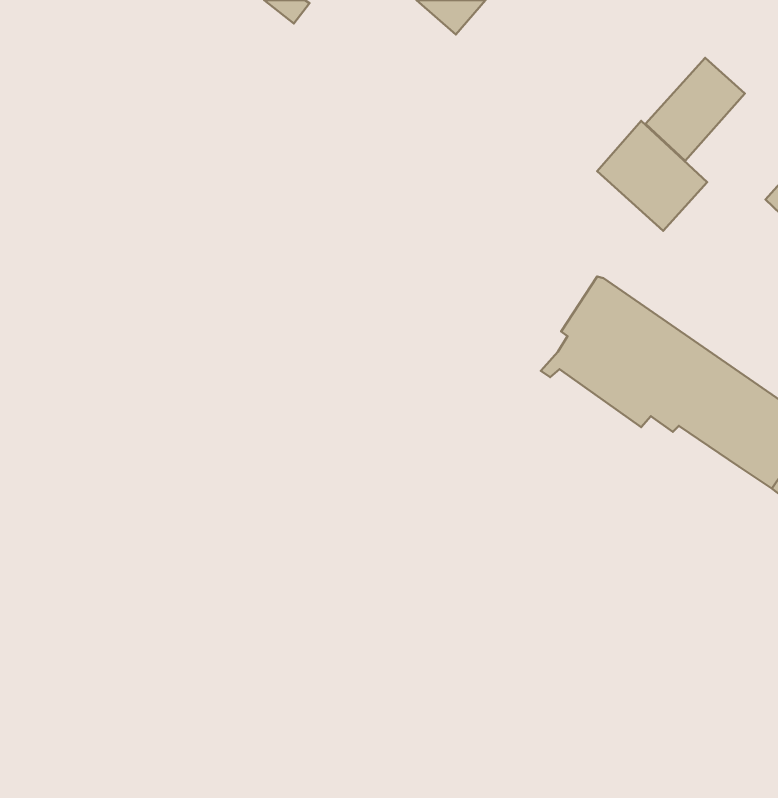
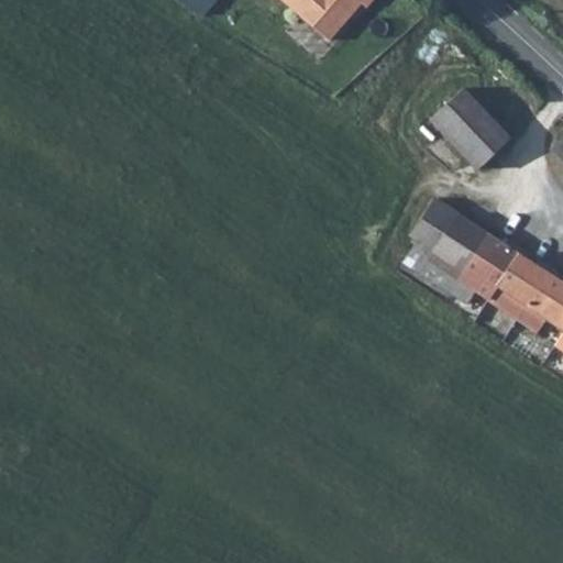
building: [646,58,745,161] -> none

